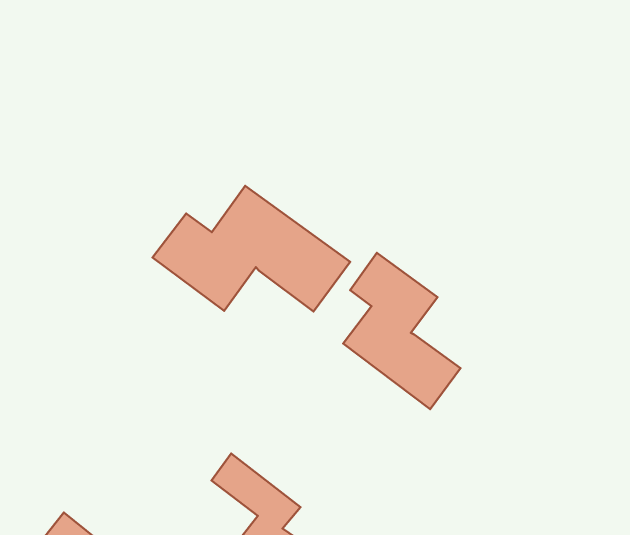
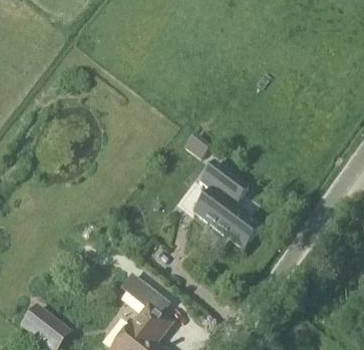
building: [152,186,350,311] -> none

